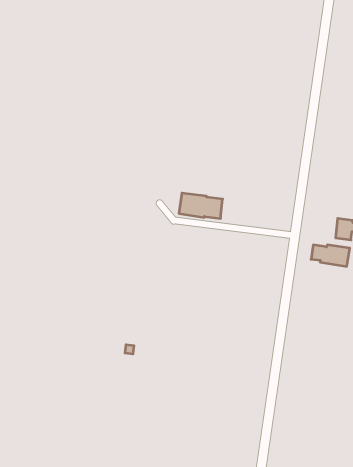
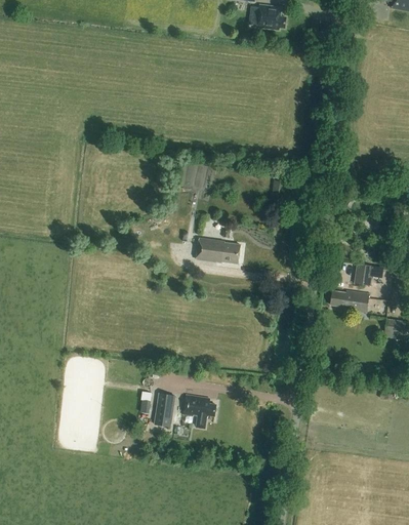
building: none -> [153,391,174,426]
building: none -> [183,394,215,426]

